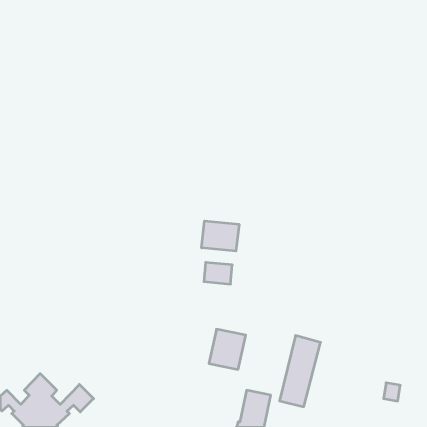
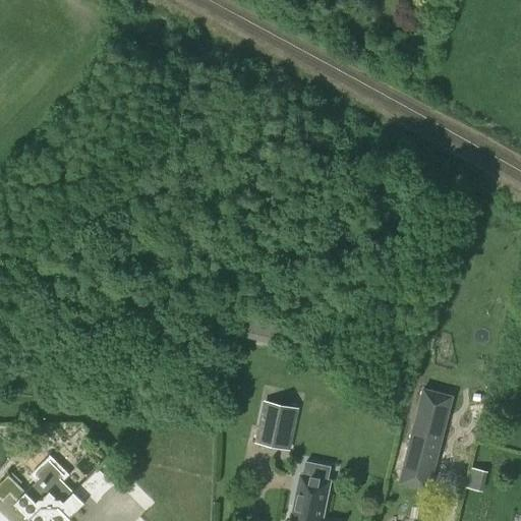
building: [202,221,239,251] -> none
building: [280,336,321,407] -> [402,389,452,475]

